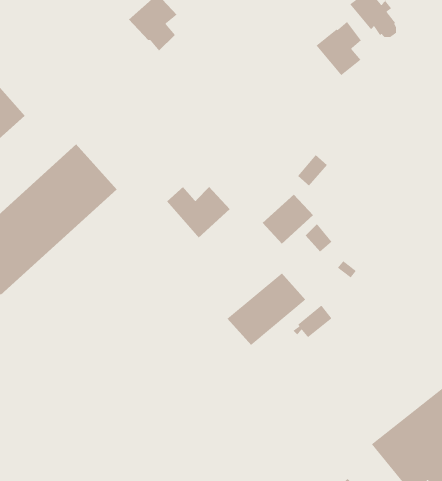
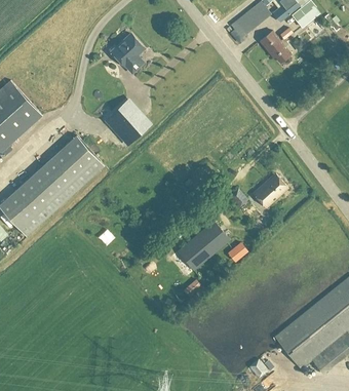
building: [316,21,362,76] -> none
building: [166,186,231,238] -> [105,110,148,145]
building: [262,194,314,244] -> [253,173,287,207]

